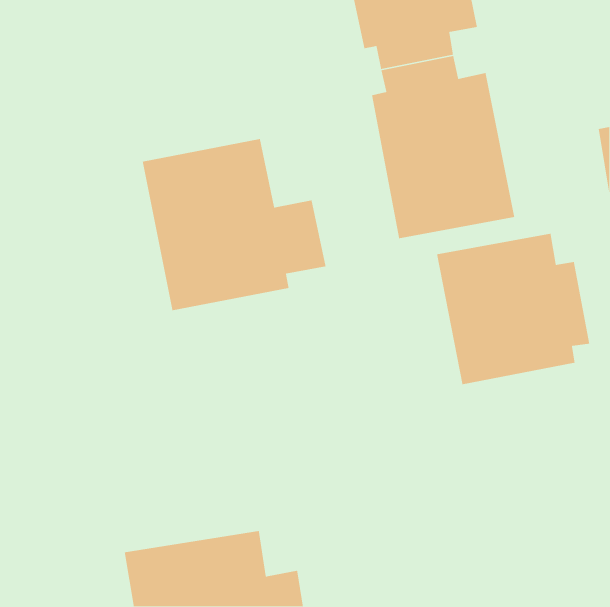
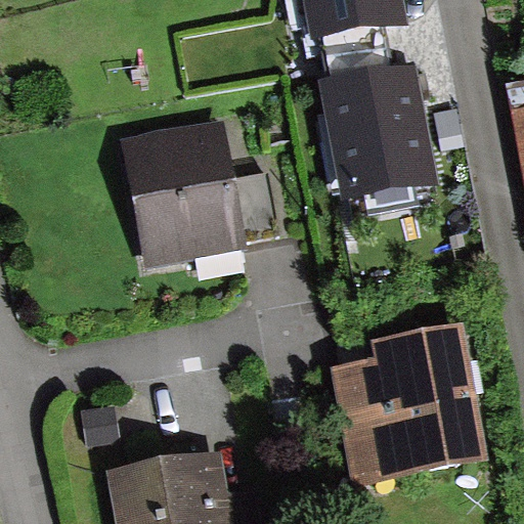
building: [436,233,590,385] -> none
building: none -> [329,321,489,488]

